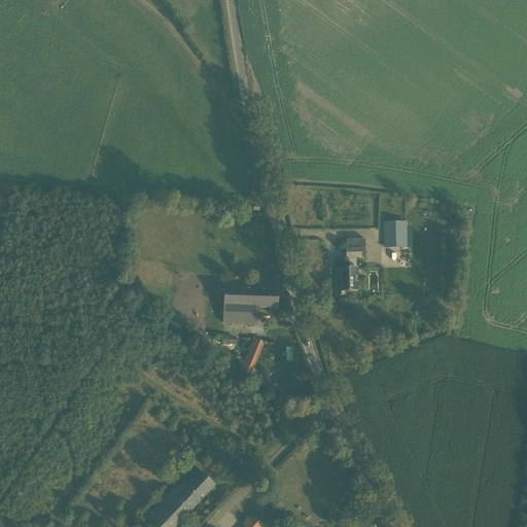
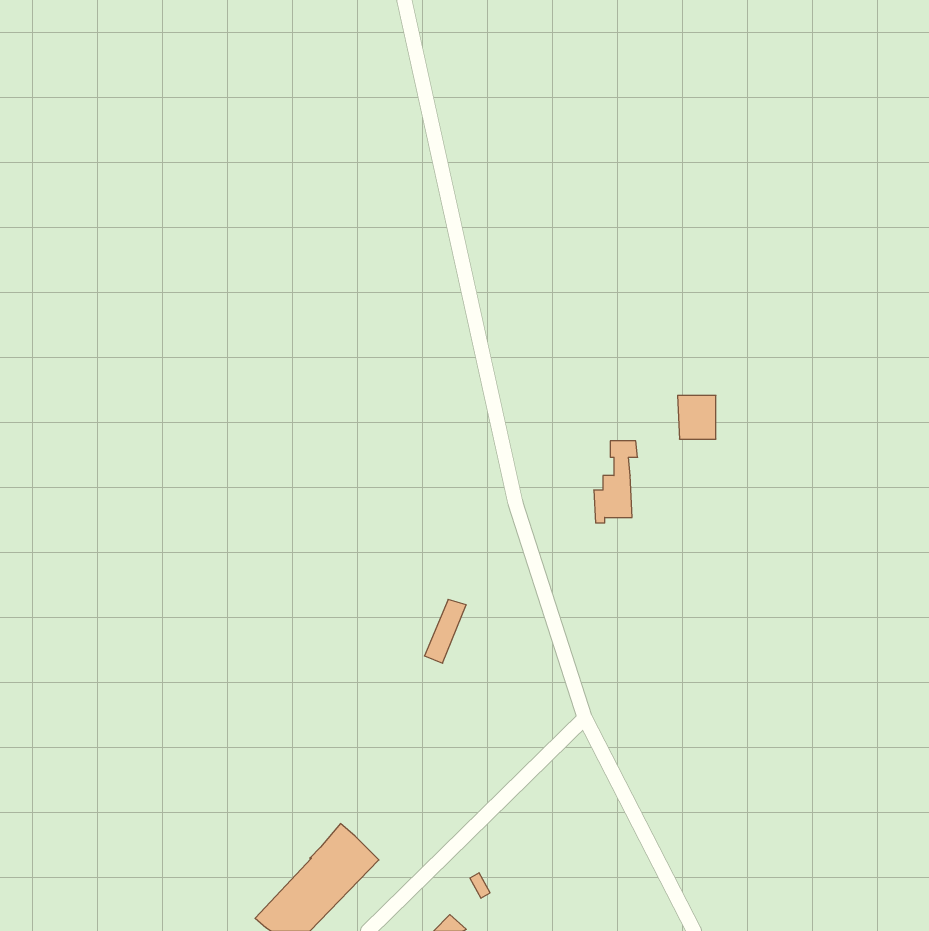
building: [223,288,279,324] -> none

